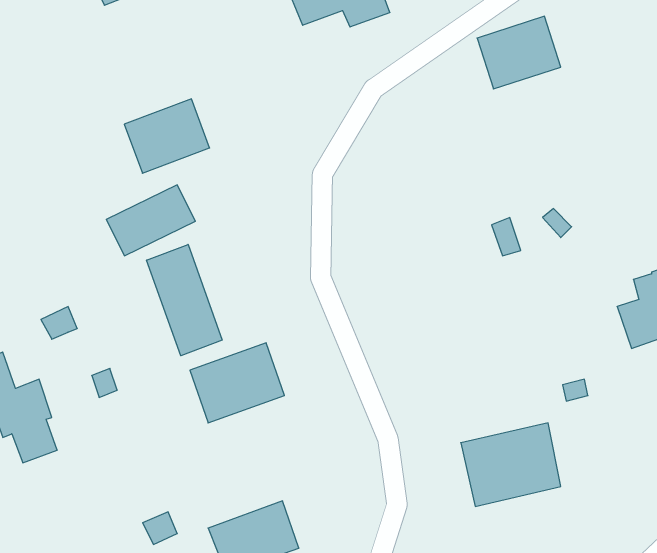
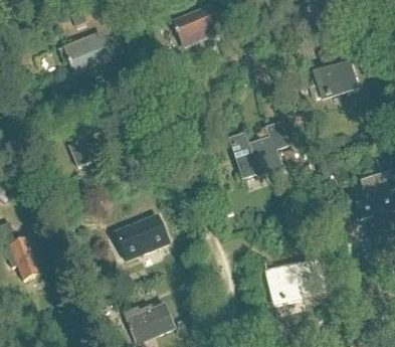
building: [477,16,561,89] -> [313,58,359,99]
building: [124,99,210,173] -> [64,30,112,71]
building: none -> [229,134,281,180]
building: [147,244,222,356] -> none

